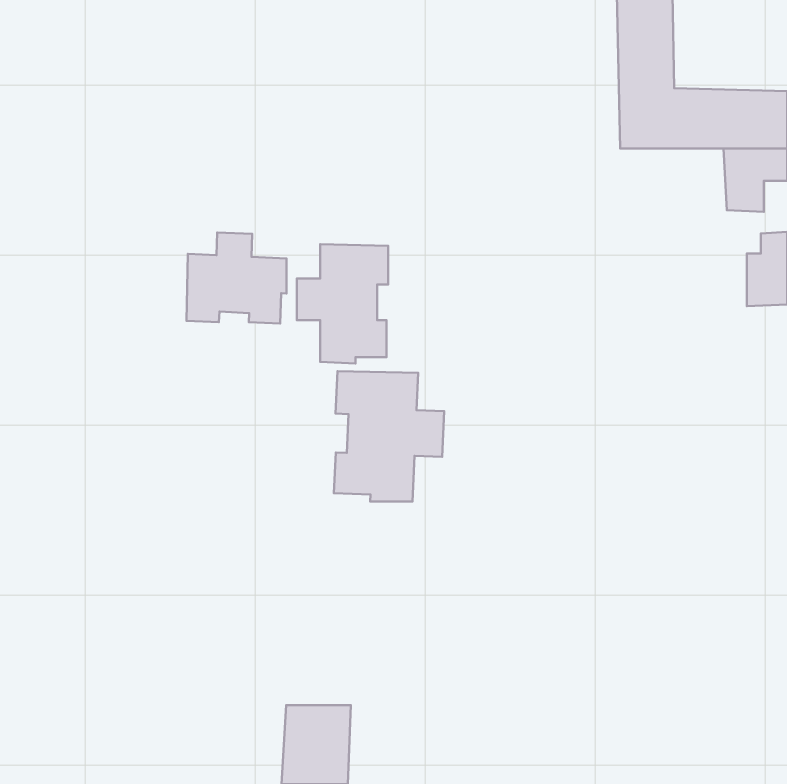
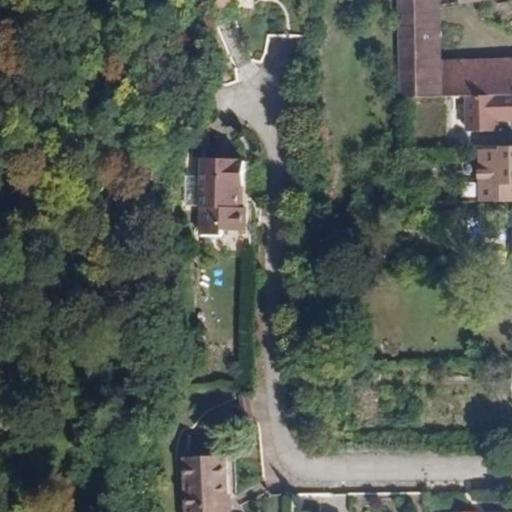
building: [186,232,286,324] -> none
building: [334,371,444,501] -> none

